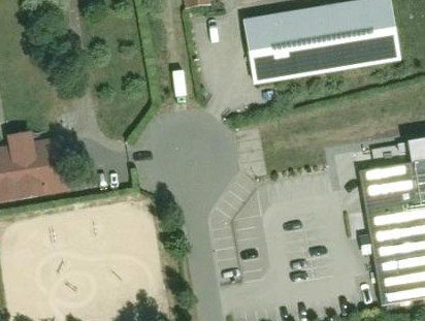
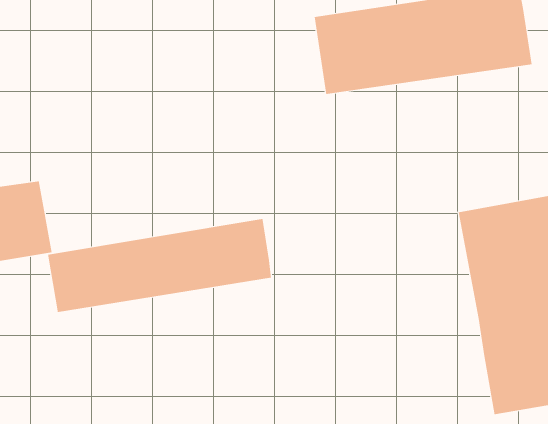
building: none -> [48,218,272,313]

